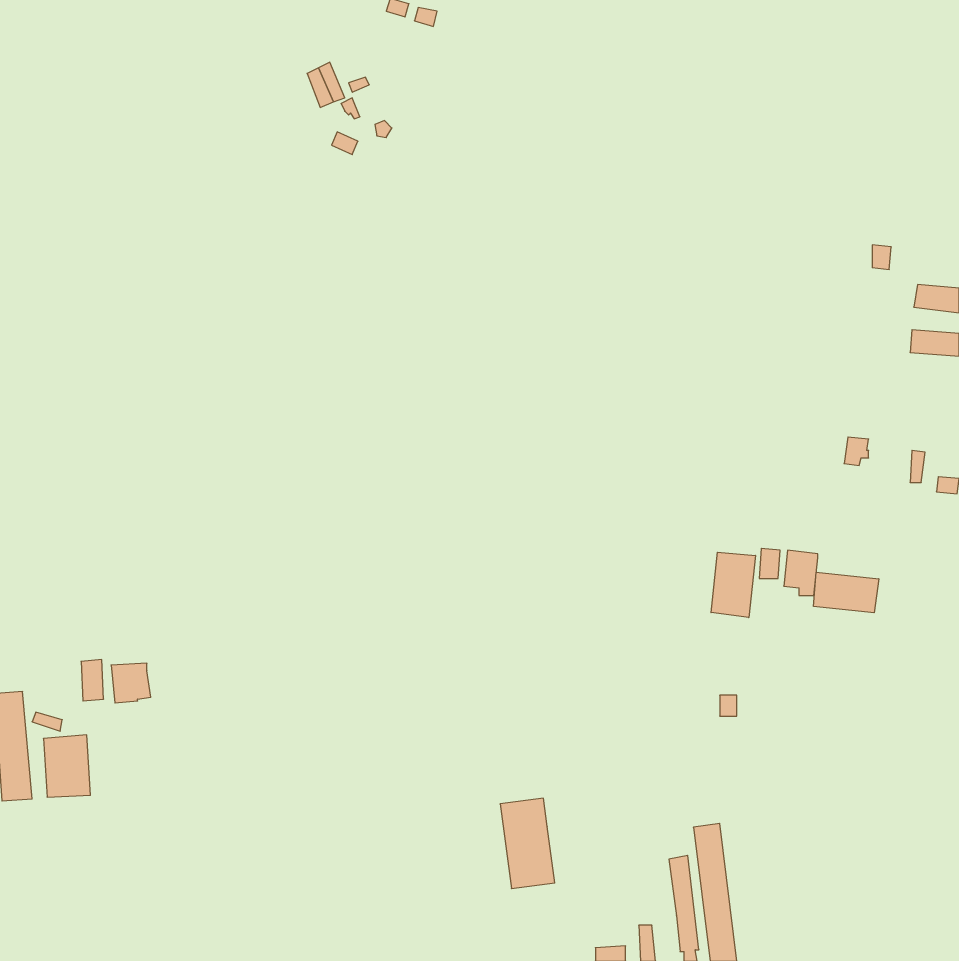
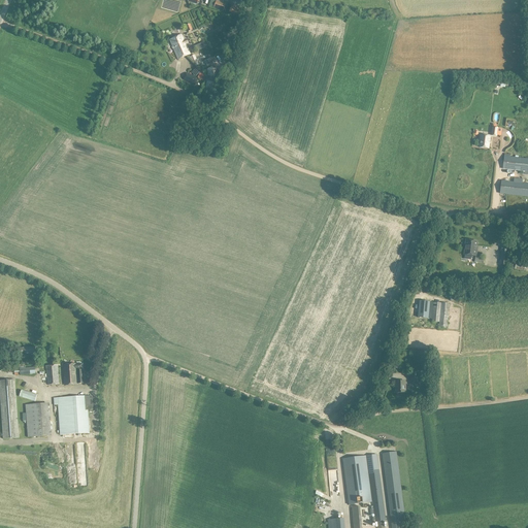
building: [711,552,755,618] -> none
building: [814,572,879,613] -> none
building: none -> [52,395,91,434]
building: [500,798,555,889] -> [340,455,370,504]

